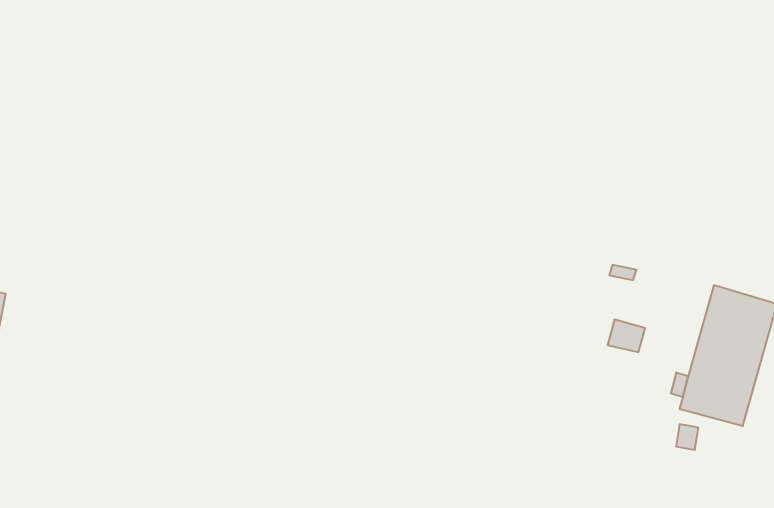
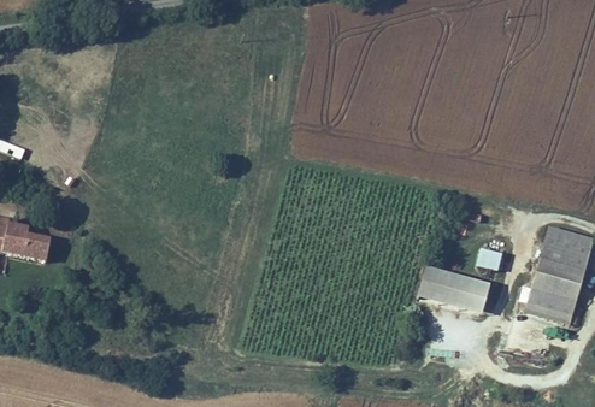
building: none -> [419,270,489,318]

